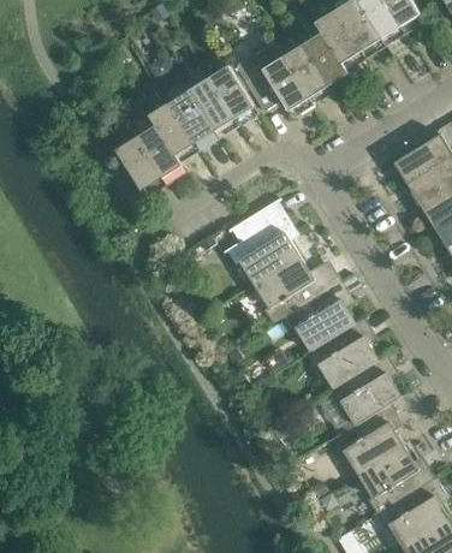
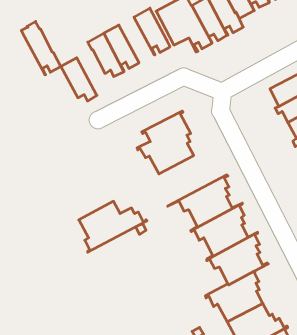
building: [188,77,237,137] -> none
building: [130,114,185,184] -> [21,21,61,75]
building: [254,255,344,325] -> [79,201,147,252]

